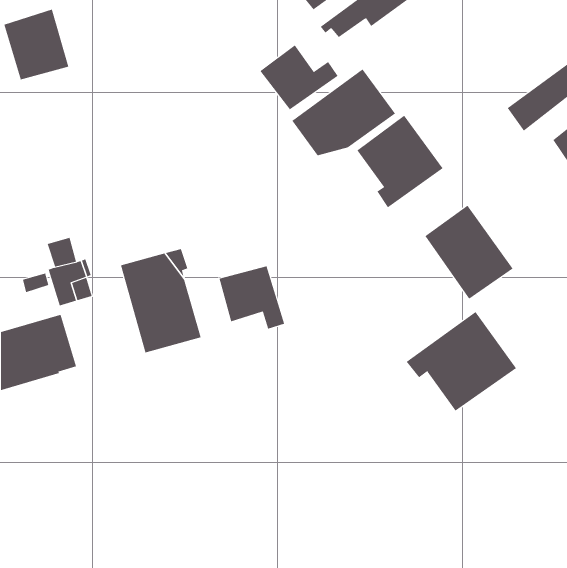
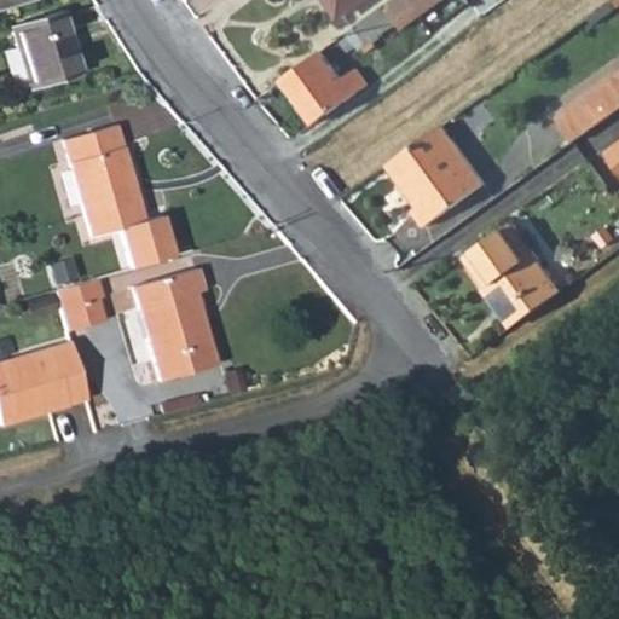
building: [291,69,396,156] -> none
building: none -> [63,126,175,271]
building: [219,266,285,329] -> none
building: [406,311,517,412] -> none

